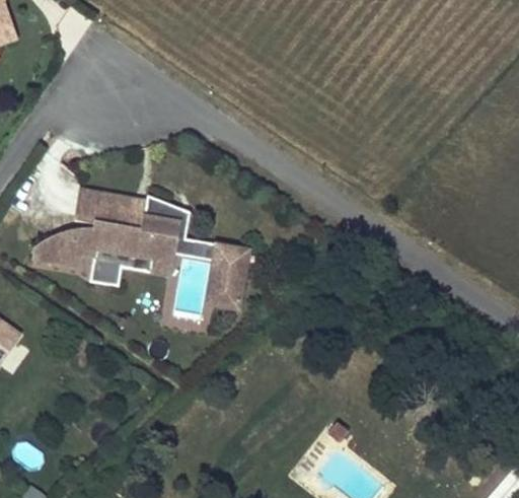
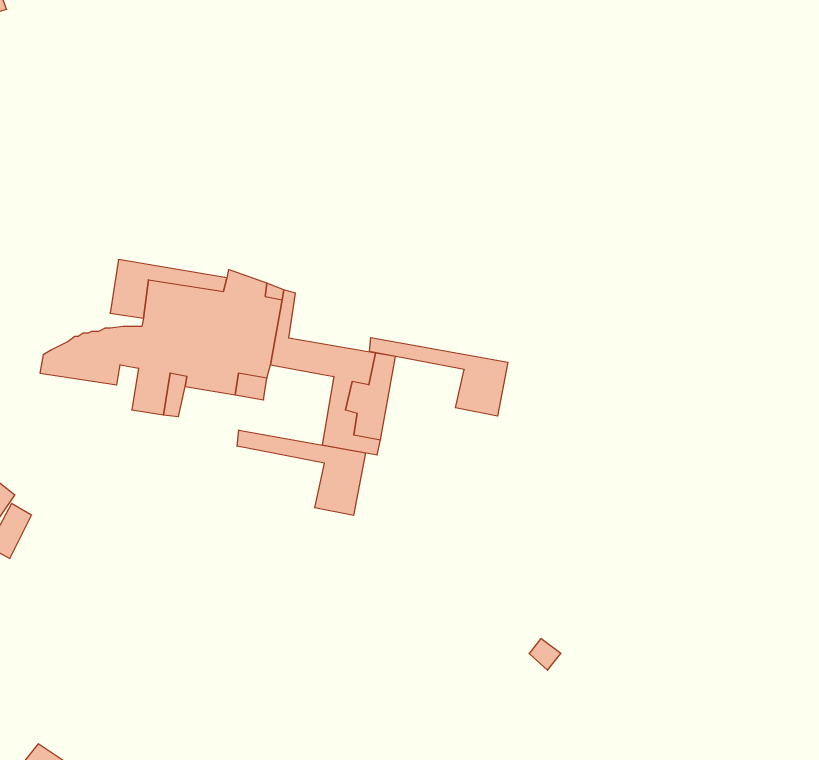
building: none -> [370,338,508,416]
building: none -> [237,430,366,515]

